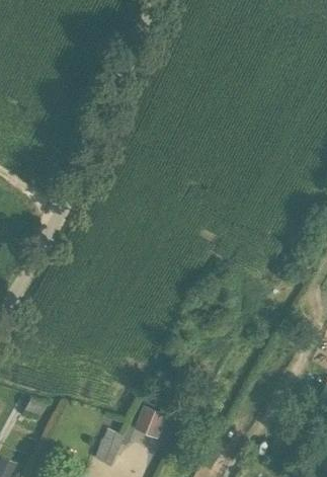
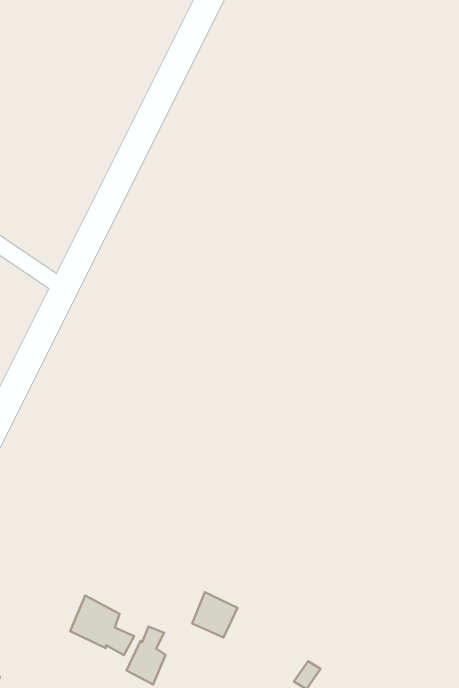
building: none -> [70,596,134,655]

